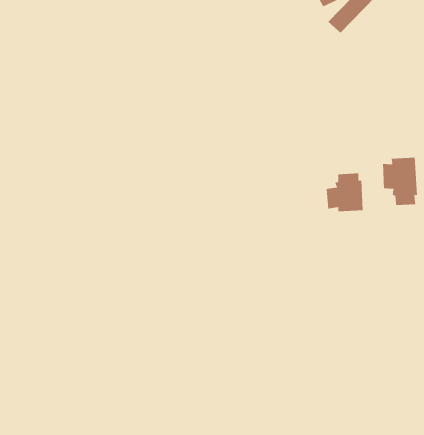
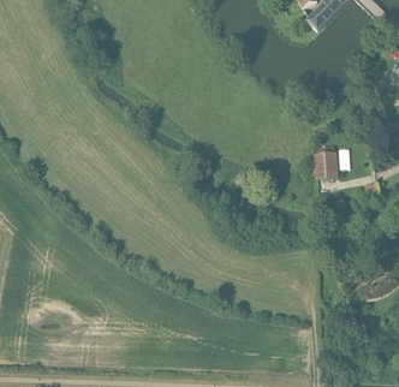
building: [382,157,418,206] -> none

